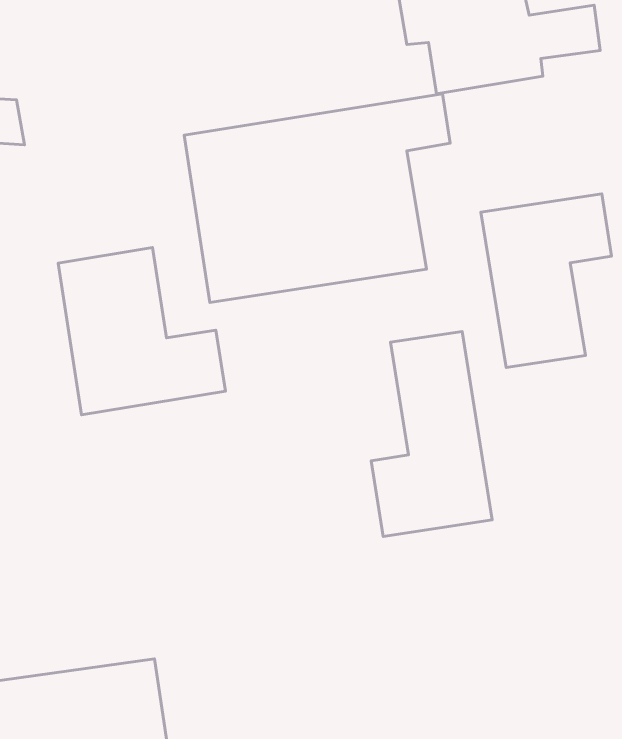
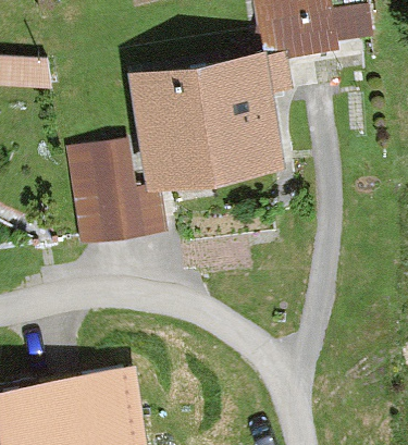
building: [481,194,612,367] -> none
building: [371,331,492,537] -> none

